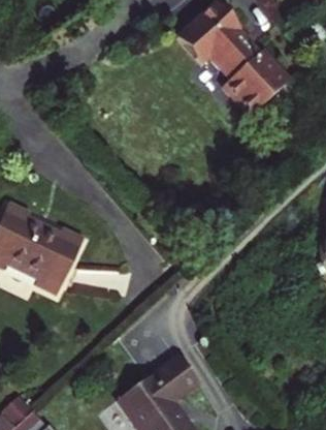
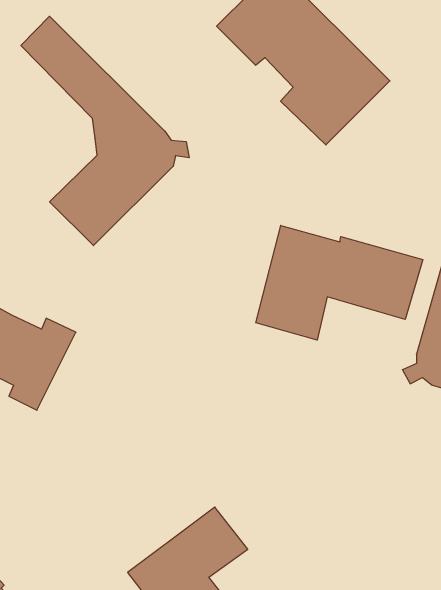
building: none -> [21,16,189,246]
building: none -> [256,225,423,340]

